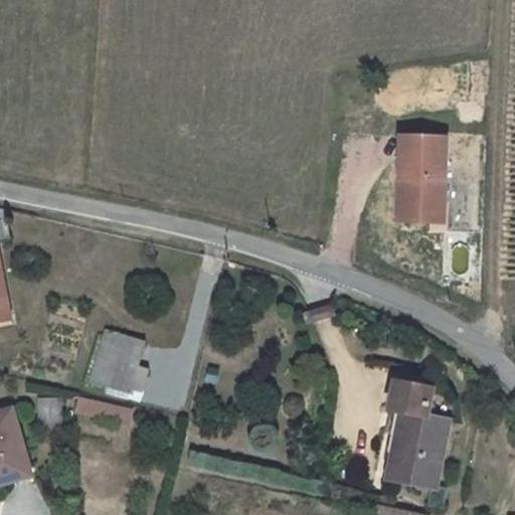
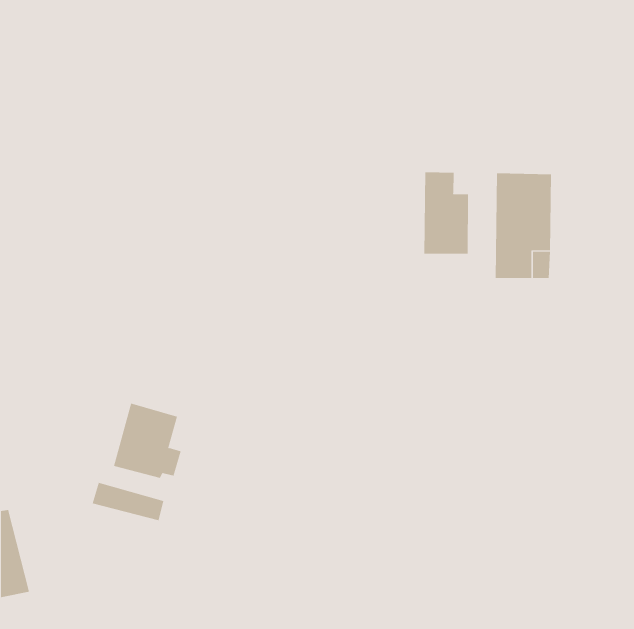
building: none -> [424,171,469,254]
building: [380,369,443,485] -> none

